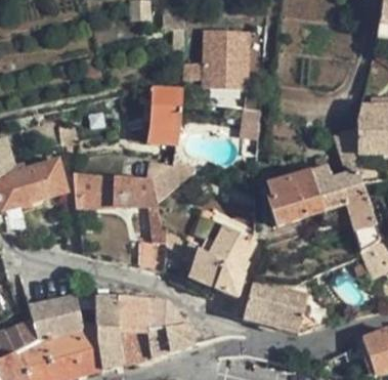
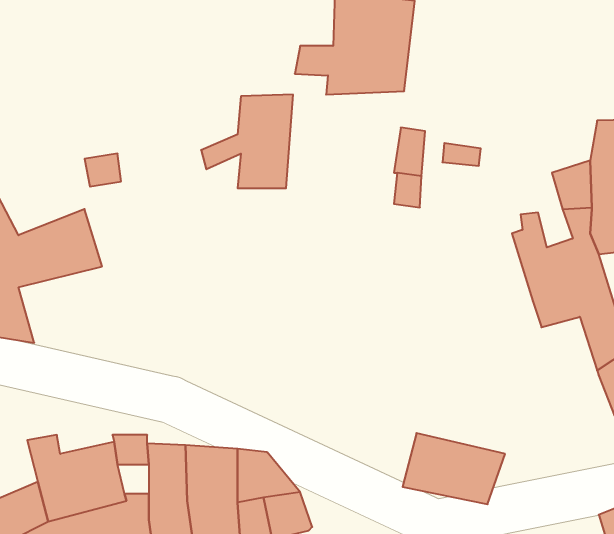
building: [78,158,198,272] -> none
building: [268,164,324,224] -> none
building: [179,225,258,314] -> none

